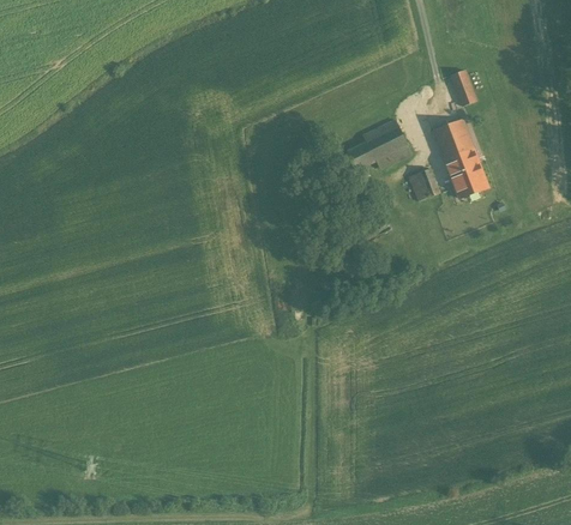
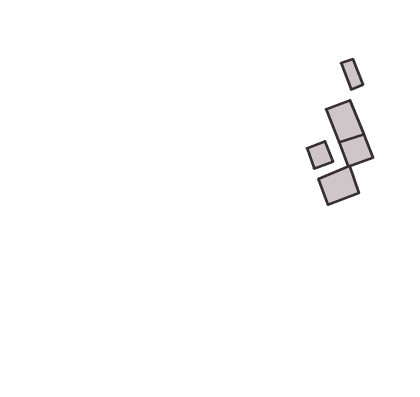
building: [354,113,415,168] -> none
building: none -> [319,166,359,205]

